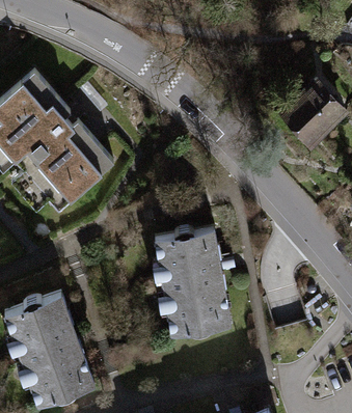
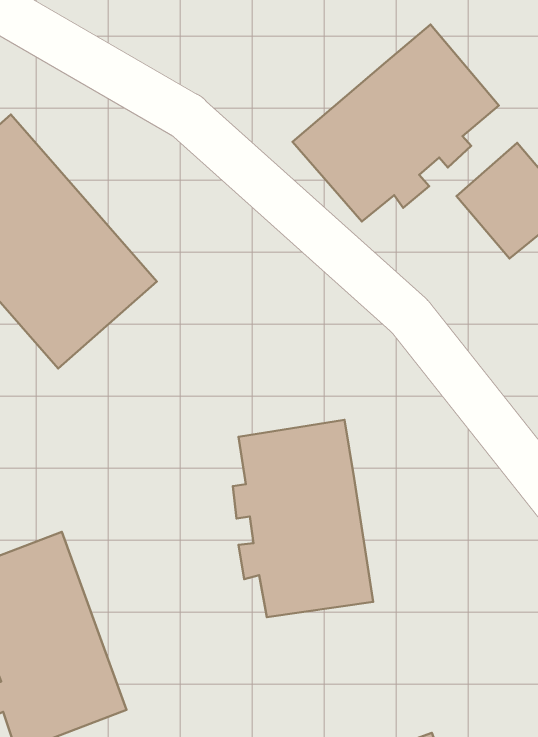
building: none -> [292,25,499,221]

